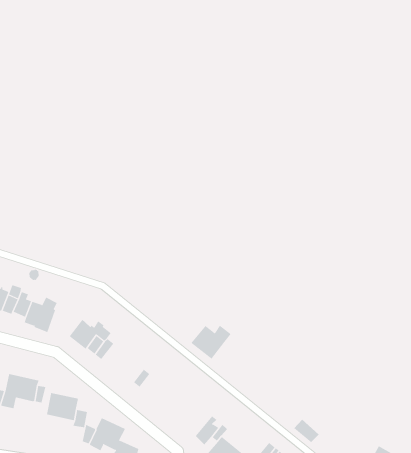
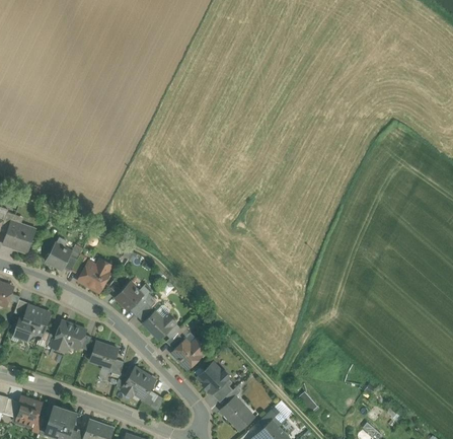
building: [190,325,231,359] -> [171,339,207,368]
building: none -> [143,305,176,338]
building: none -> [199,362,229,393]

